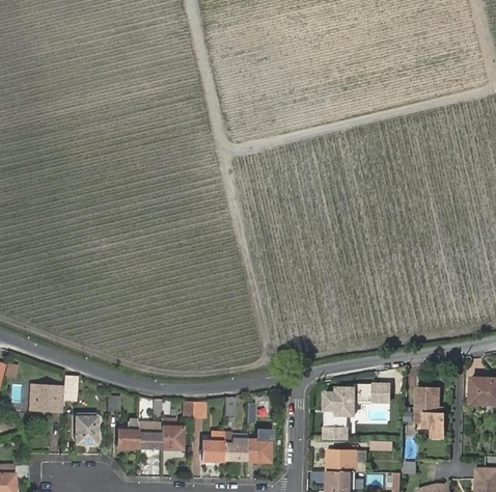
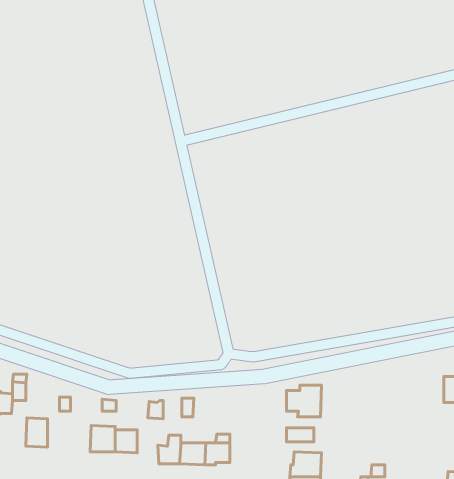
building: [371,382,391,403] -> none
building: [414,388,442,432] -> none
building: [116,418,137,448] -> none

